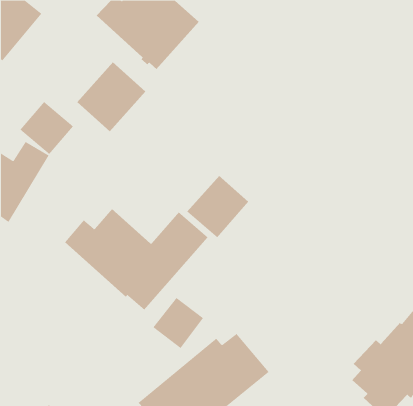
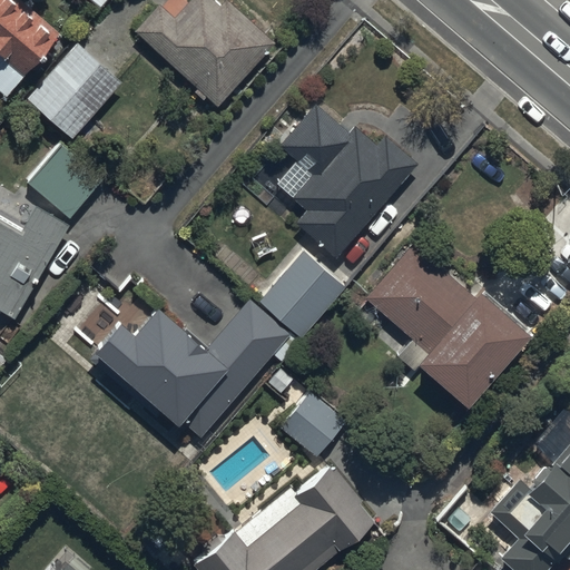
building: [76,62,146,132] -> [27,43,122,140]
building: none -> [276,105,415,259]
building: none -> [364,243,527,400]
building: [153,297,204,349] -> [277,389,347,460]

